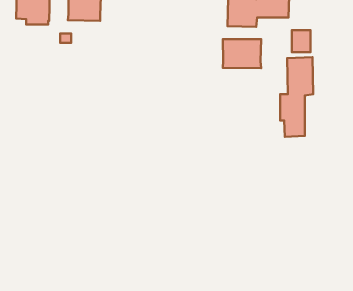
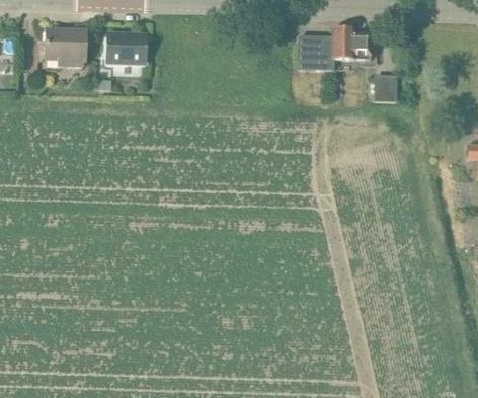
building: [223,39,261,68] -> none
building: [280,57,313,137] -> none

